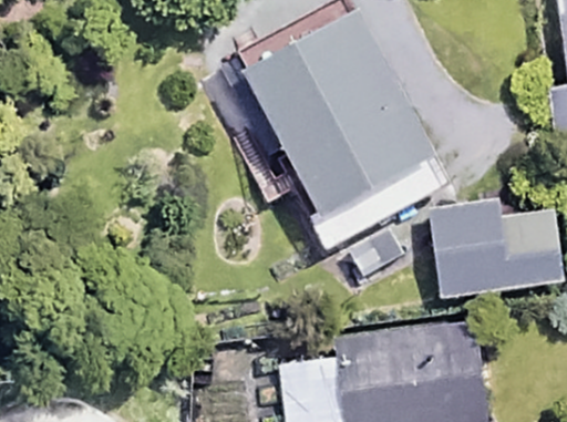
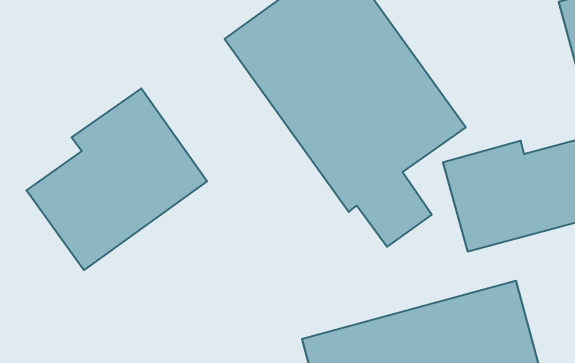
building: none -> [26,88,207,270]

